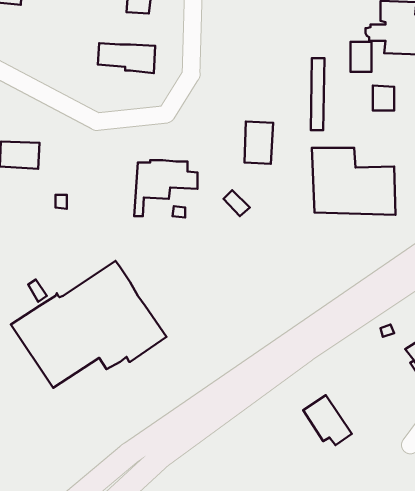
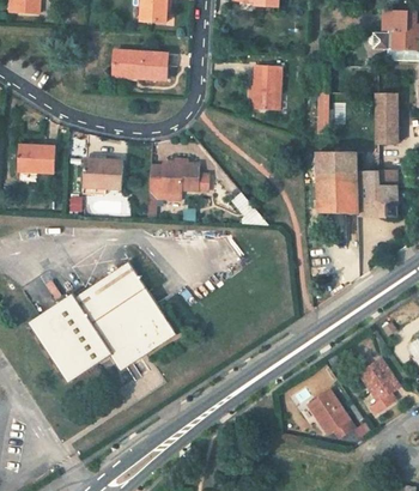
building: [350,42,372,72] -> [376,115,396,144]
building: [245,122,273,164] -> [254,67,281,108]
building: none -> [81,159,122,187]
building: none -> [359,357,400,414]

